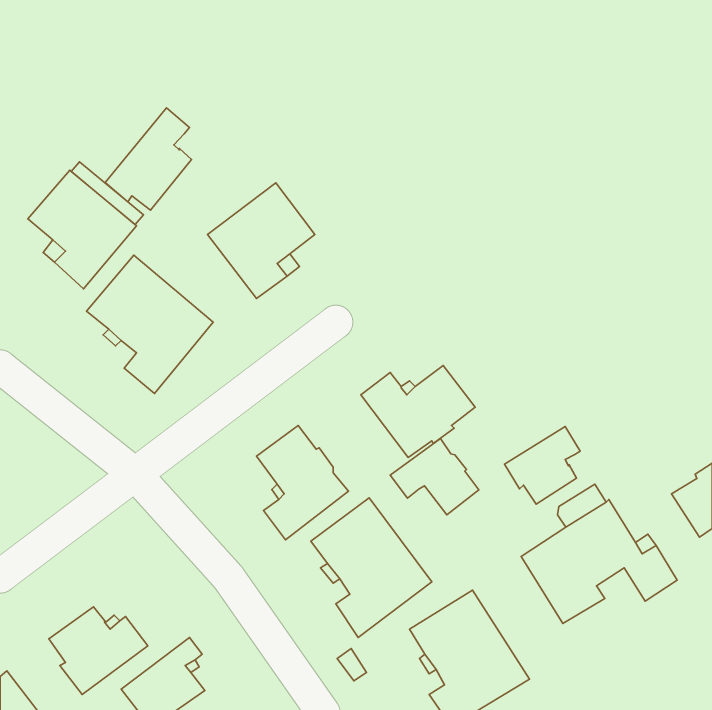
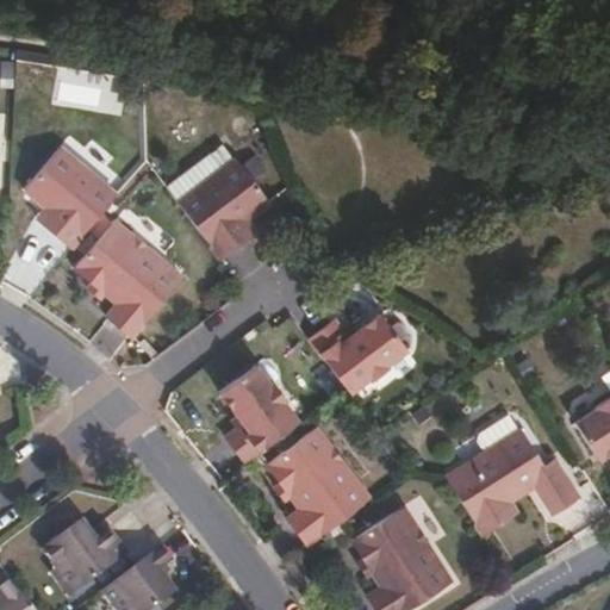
building: [105,108,191,210] -> none
building: [505,426,580,504] -> none
building: [390,438,479,515] -> none

